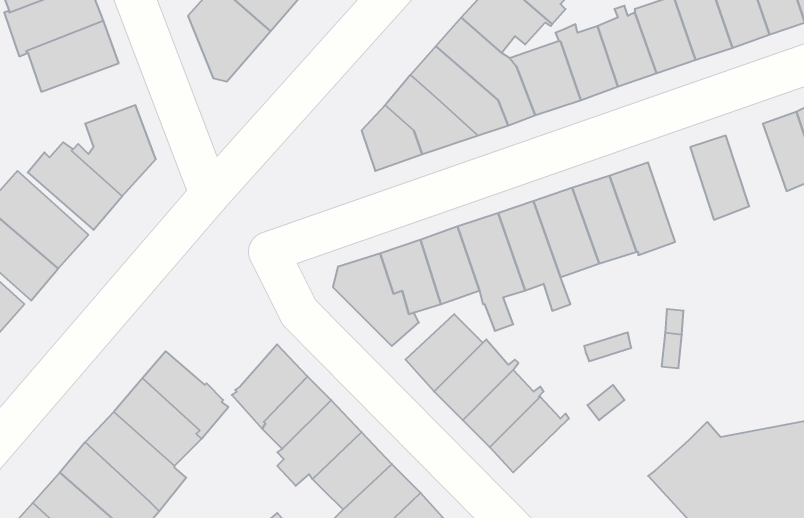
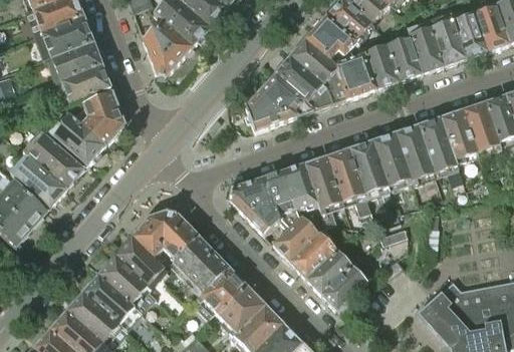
building: none -> [55,66,111,105]
building: none -> [464,102,500,151]
building: none -> [418,116,463,185]
building: none -> [131,210,197,259]

